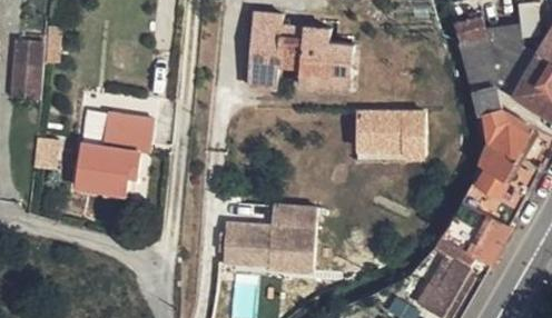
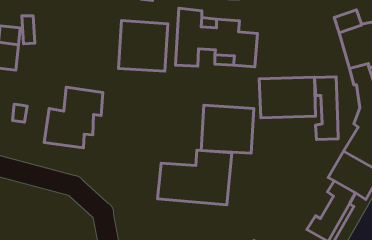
building: none -> [119,21,168,71]
building: none -> [315,77,338,139]
building: none -> [201,105,254,153]

